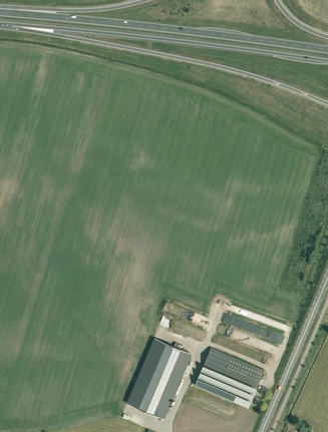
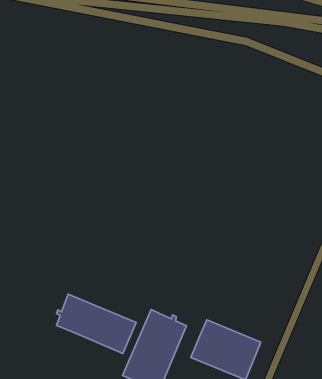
building: none -> [56,294,136,353]

